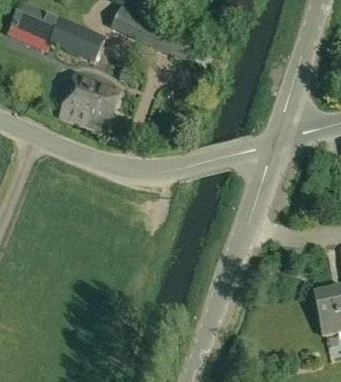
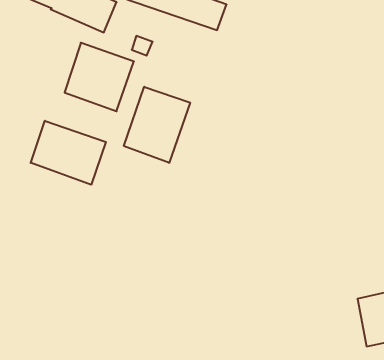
building: none -> [124,87,190,163]
building: none -> [31,121,106,185]

